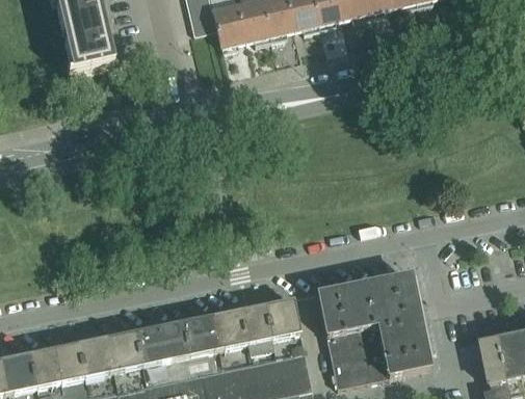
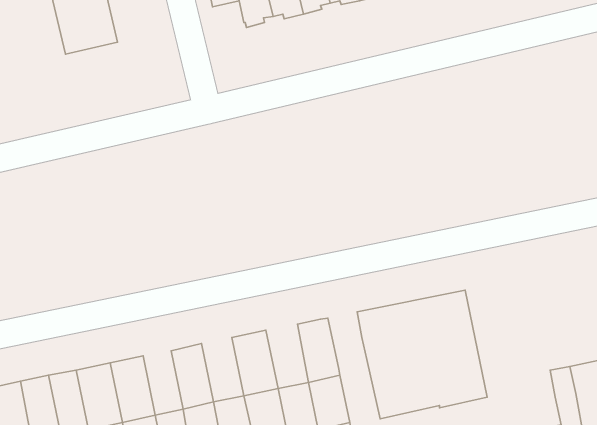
building: [240,304,277,360] -> none
building: [185,316,221,371] -> none
building: [135,327,169,382] -> none

